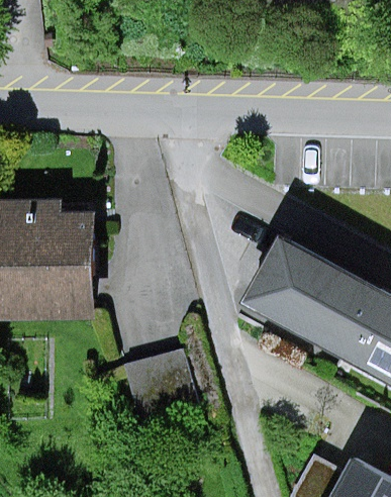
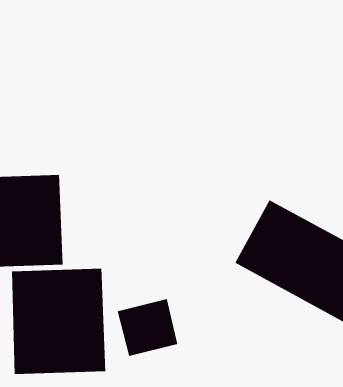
building: none -> [11,268,106,375]

